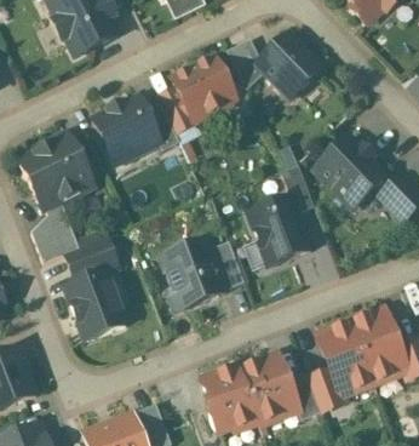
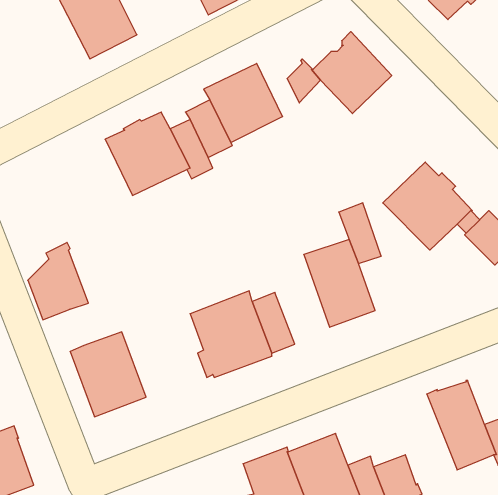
building: [17,131,92,210] -> none
building: [64,238,116,282] -> none
building: [318,321,373,394] -> none

